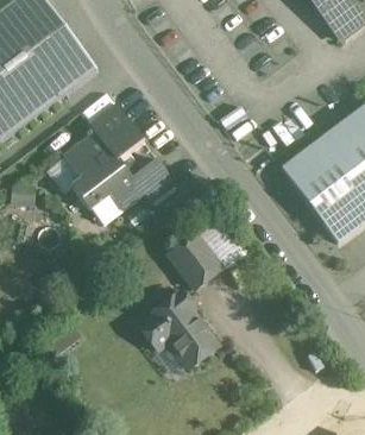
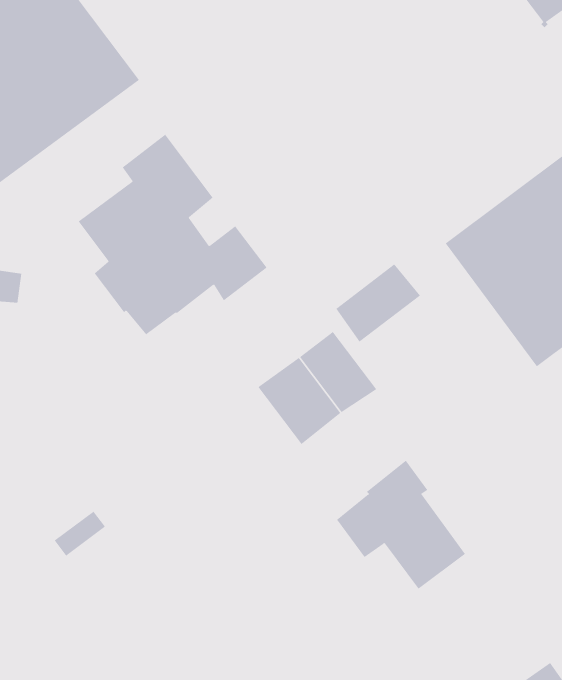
building: none -> [335,264,421,342]
building: [140,291,218,368] -> [336,460,466,590]

